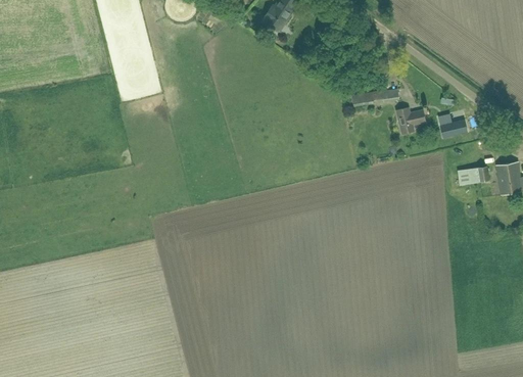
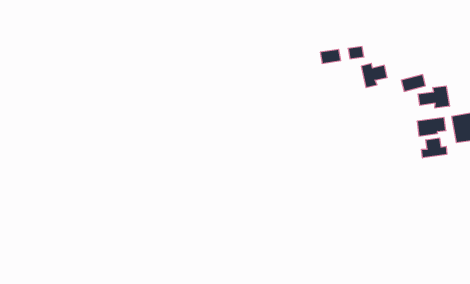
building: none -> [418,86,449,108]
building: none -> [422,138,447,158]

